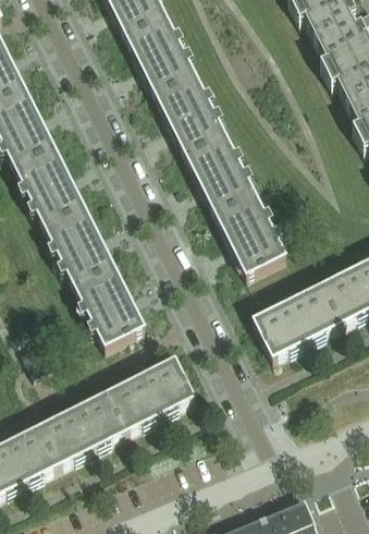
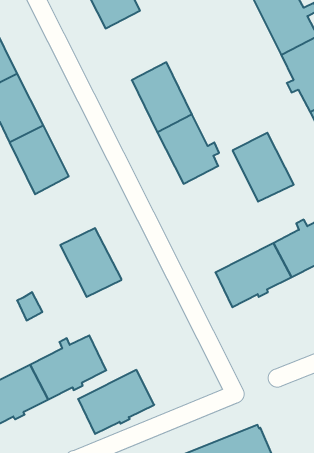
building: [126,15,198,96] -> none
building: [217,195,287,275] -> [233,133,294,202]
building: [45,207,114,287] -> none
building: [108,357,196,432] -> [78,370,154,434]

